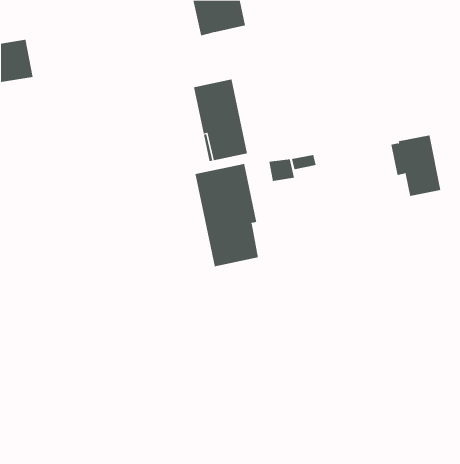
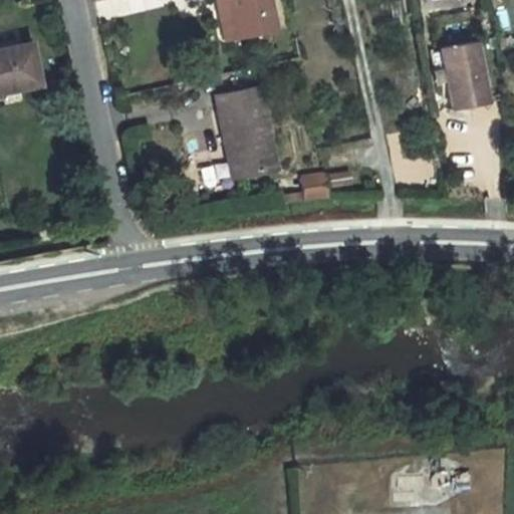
building: [390,135,441,196] -> [433,41,489,109]
building: [195,163,259,267] -> none

